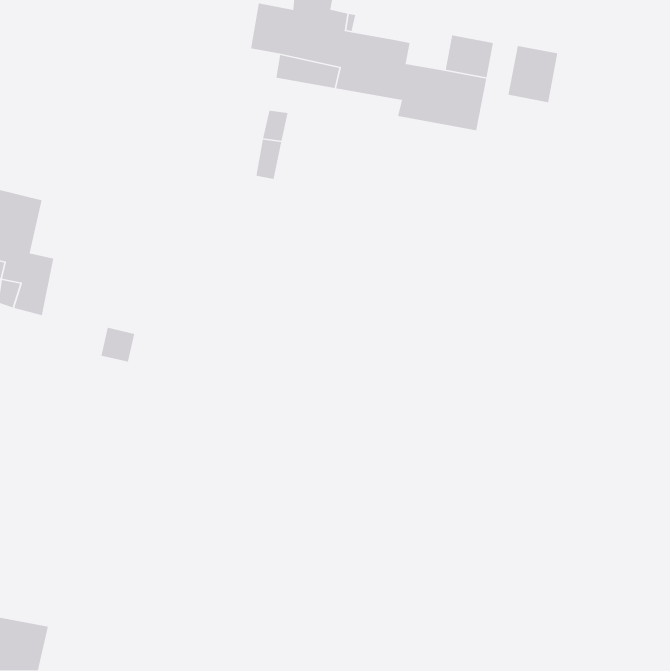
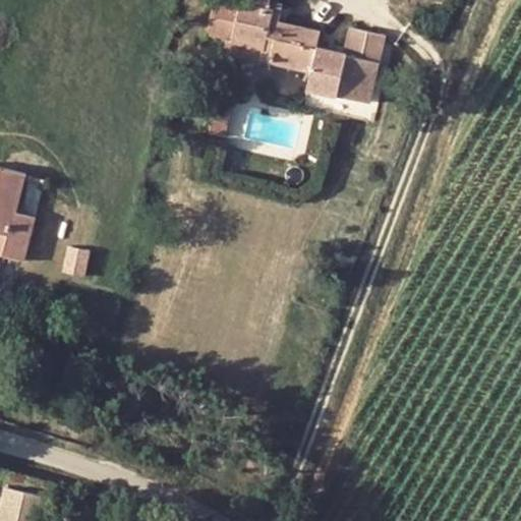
building: [508,45,558,103] -> none

